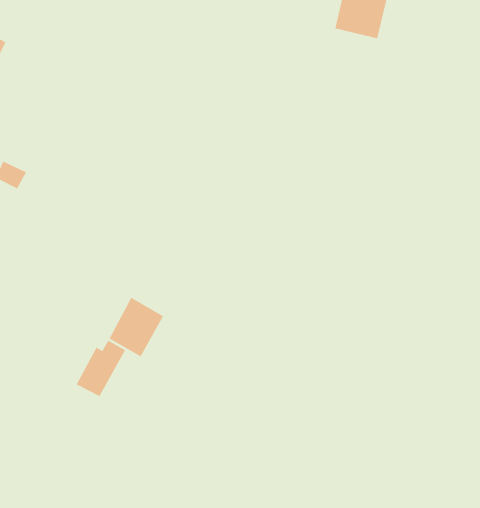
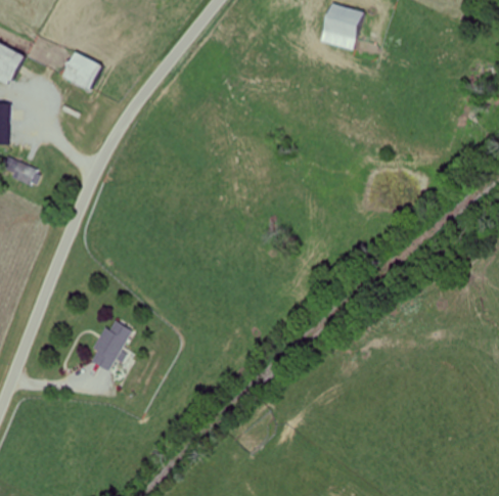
building: none -> [62,53,103,90]
building: [109,297,164,357] -> none

